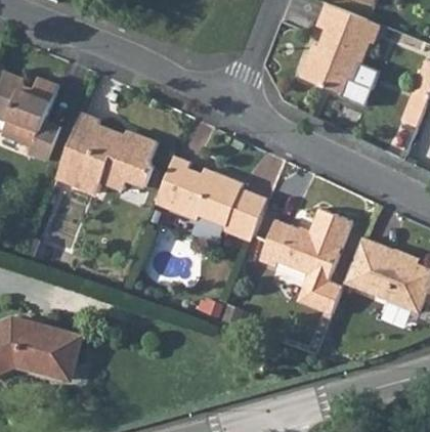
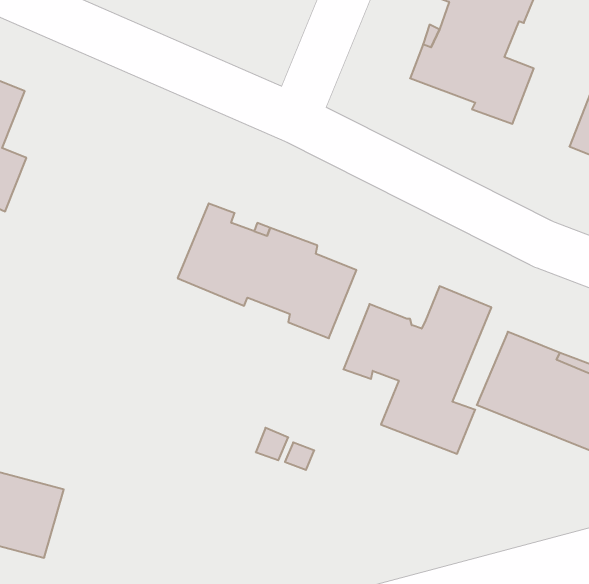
building: [55,113,157,192] -> none

